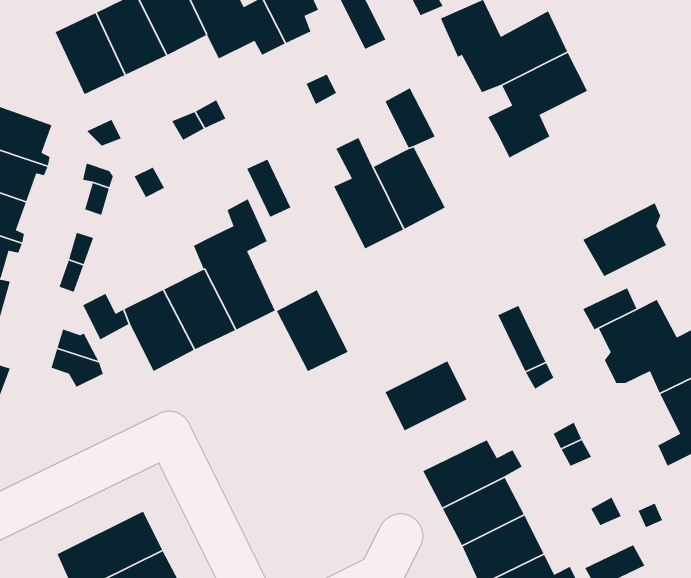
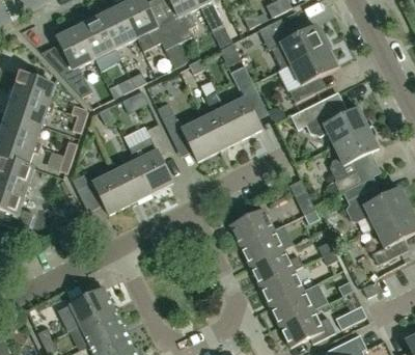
building: none -> [289,99,371,144]
building: [276,289,349,372] -> [181,116,219,160]
building: none -> [240,228,283,266]

